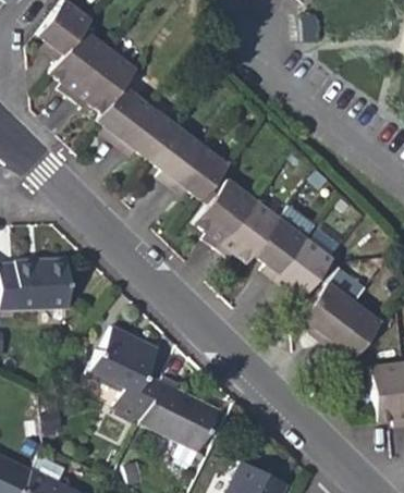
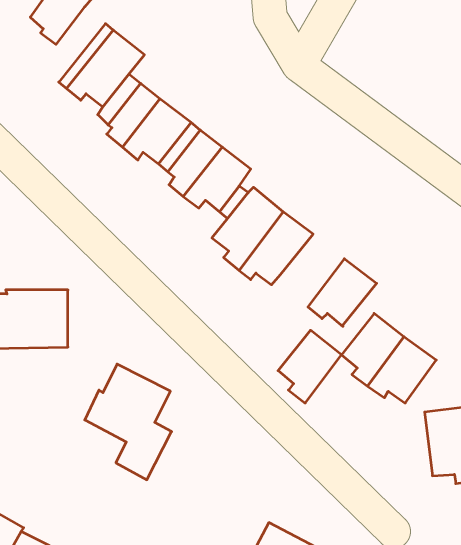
building: [52,25,103,88] -> none
building: [250,215,304,276] -> [278,330,342,403]
building: [137,378,215,455] -> none

